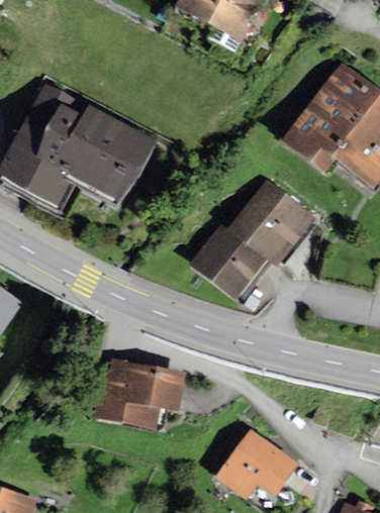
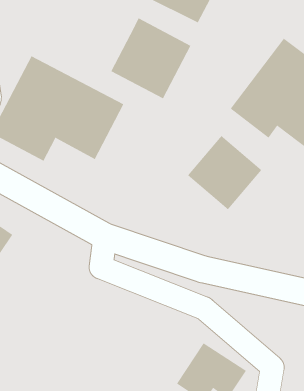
building: none -> [110,18,191,99]
building: [186,223,268,304] -> none
building: [91,356,185,426] -> none

